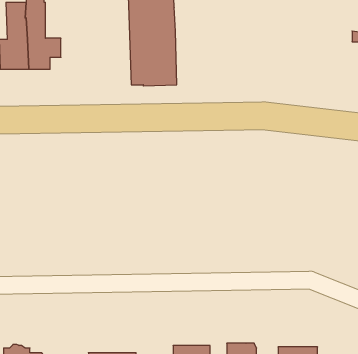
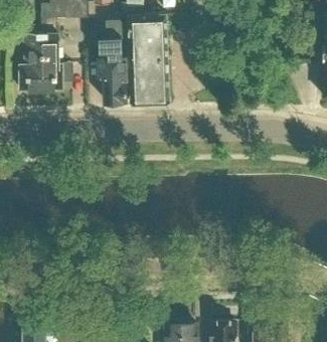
building: none -> [99,38,126,103]

